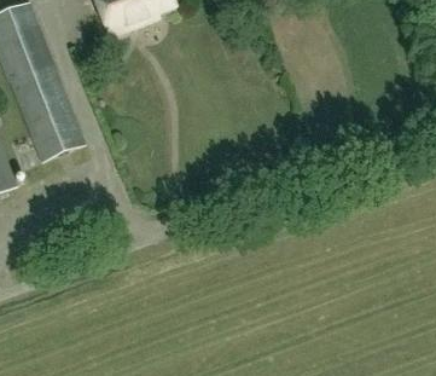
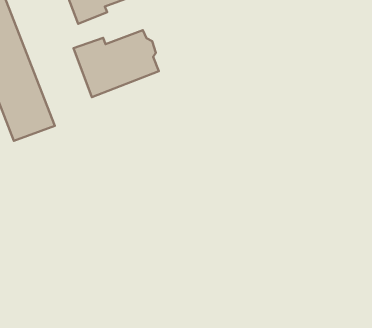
building: none -> [74,30,159,97]

